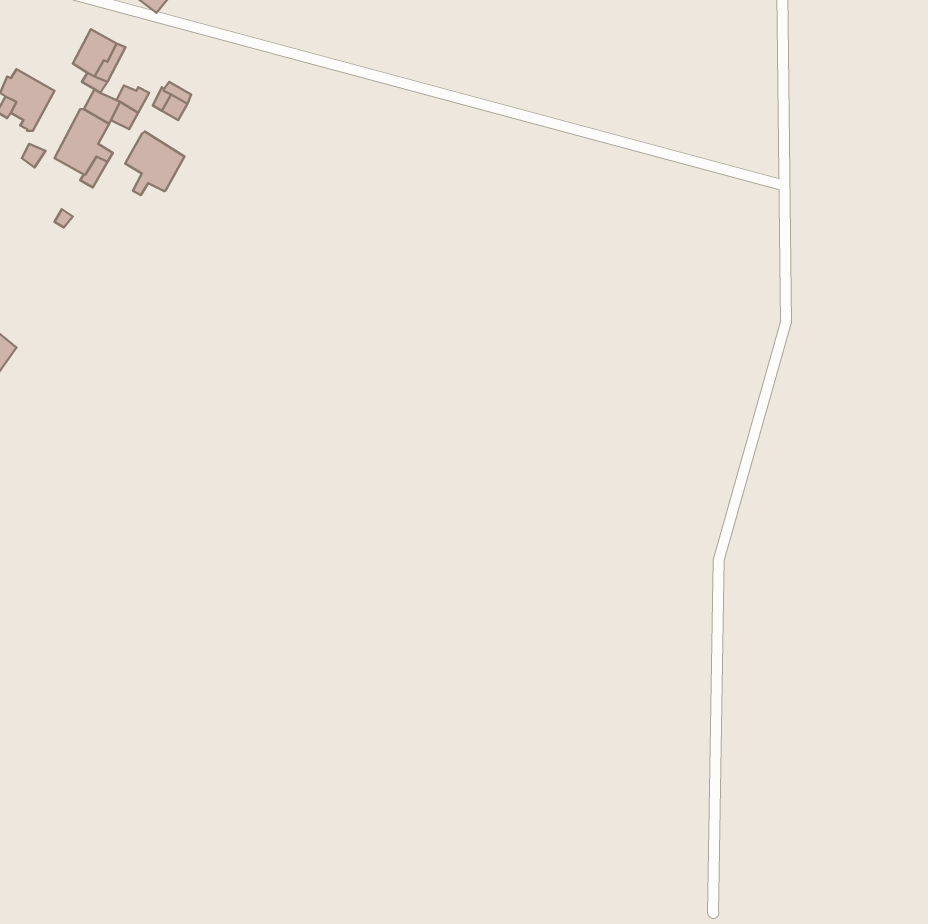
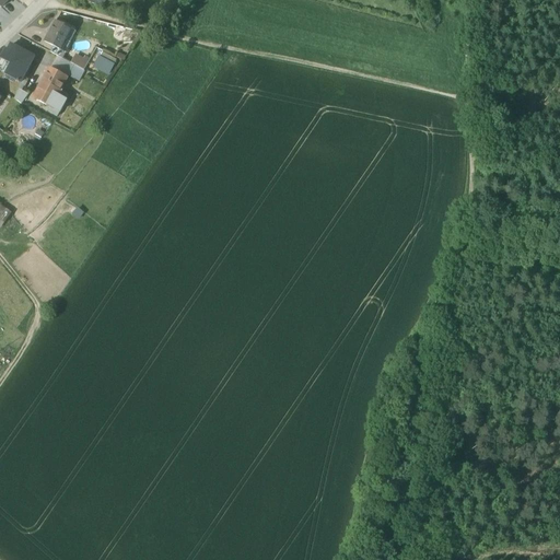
building: [125,132,185,195] -> none

